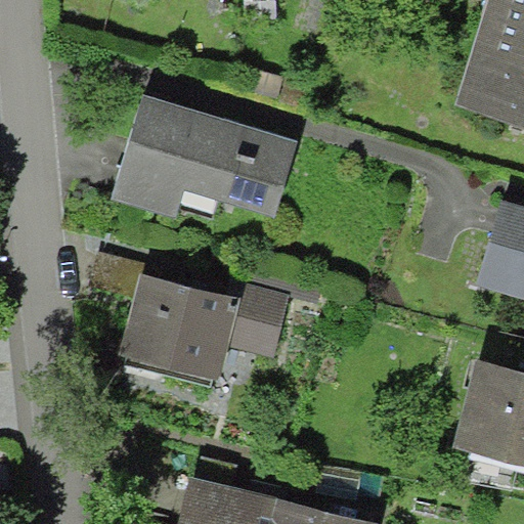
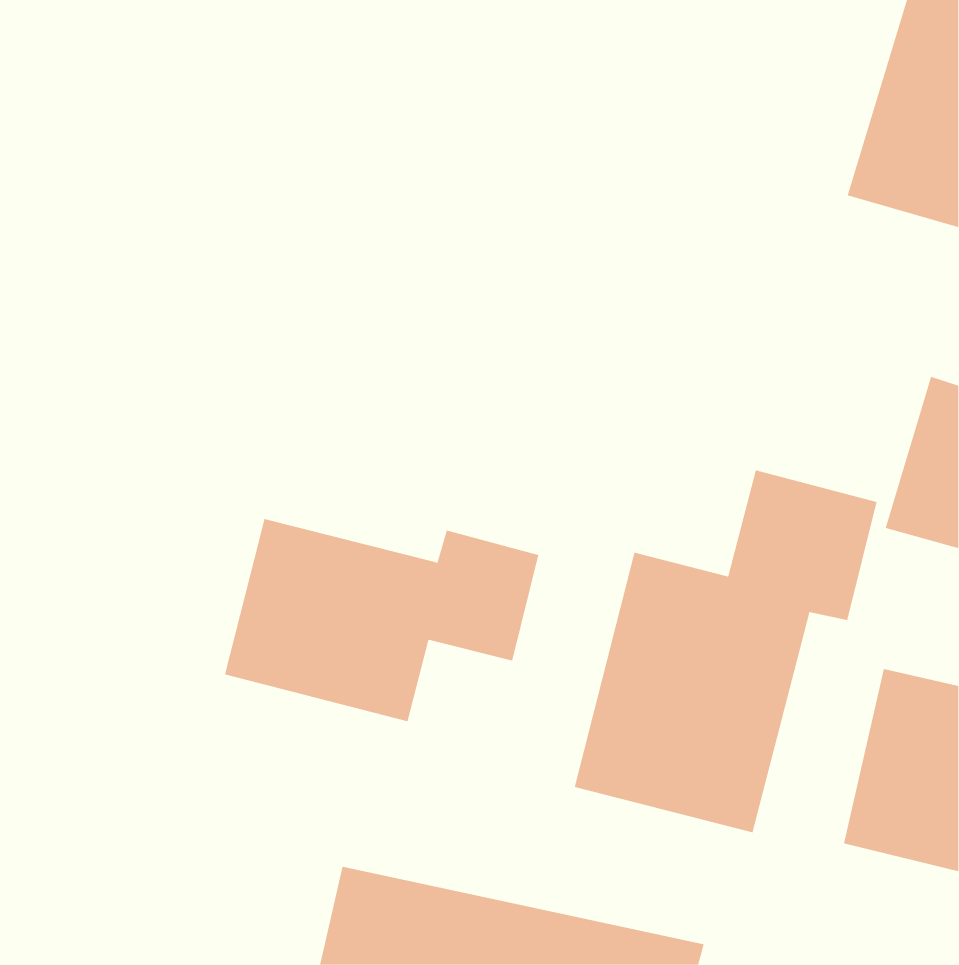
building: [113,95,299,223] -> none
building: none -> [574,470,877,833]

